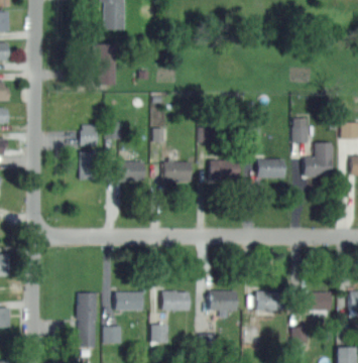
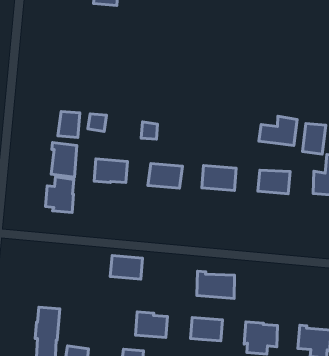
building: [91,43,118,85] -> none
building: none -> [259,116,297,146]
building: none -> [46,177,74,213]
building: none -> [197,271,235,298]
building: [115,292,141,311] -> [110,256,142,279]

